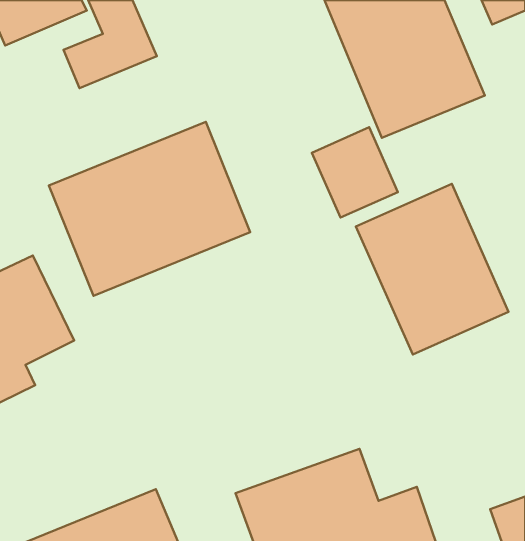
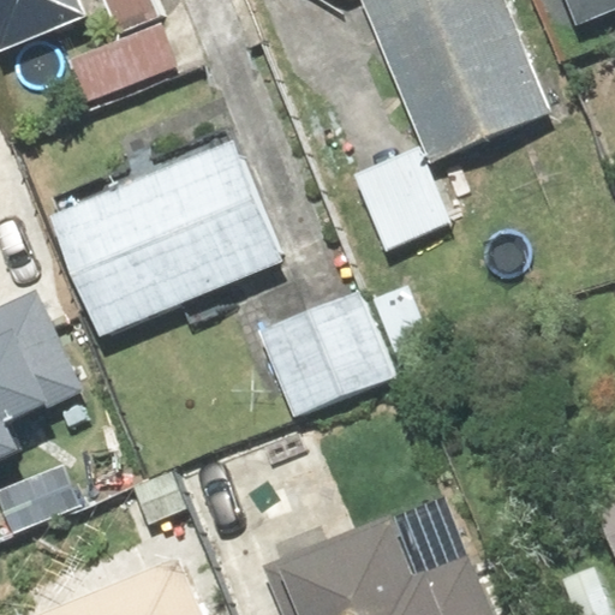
building: [356,184,509,354] -> none
building: none -> [258,287,424,416]

